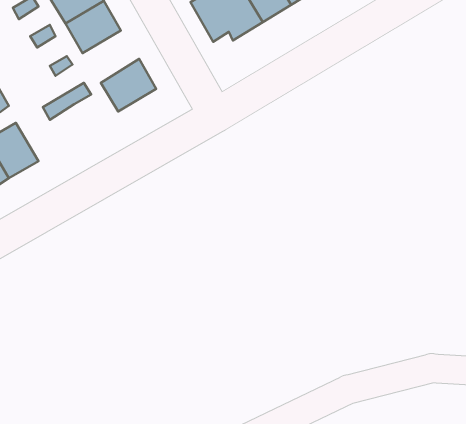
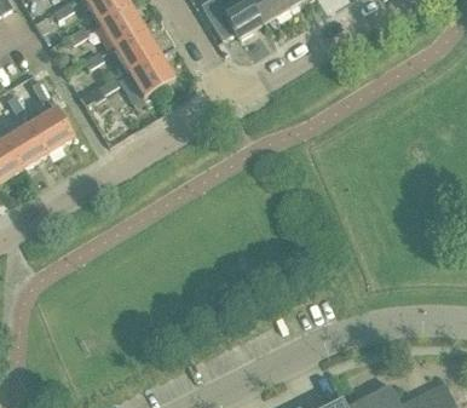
building: none -> [111,29,160,74]

